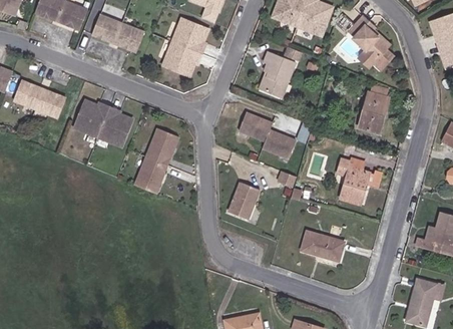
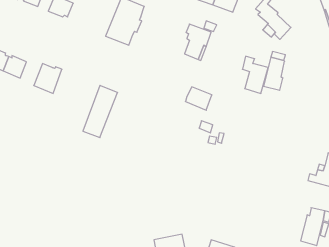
building: [115,24,144,52] -> none
building: [97,106,131,145] -> none
building: [238,111,272,140] -> none
building: [336,157,368,204] -> [242,56,268,93]
building: [228,182,259,219] -> none
building: [300,231,343,260] -> none

